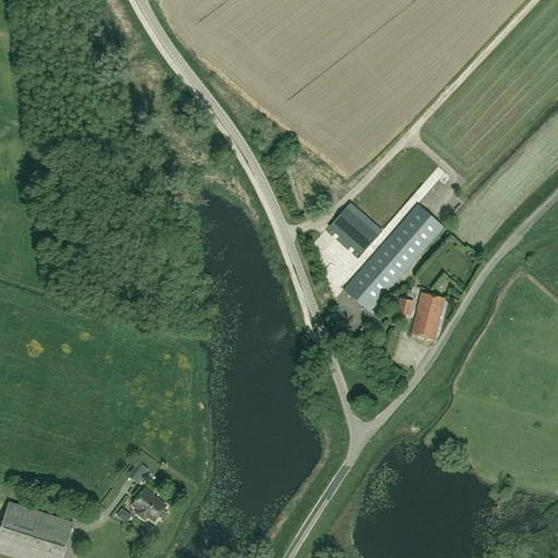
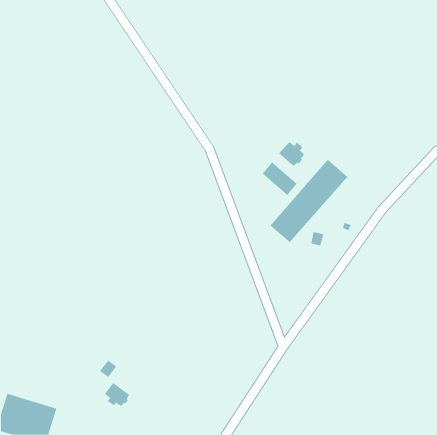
building: none -> [278,141,305,167]
building: [411,291,445,339] -> none

